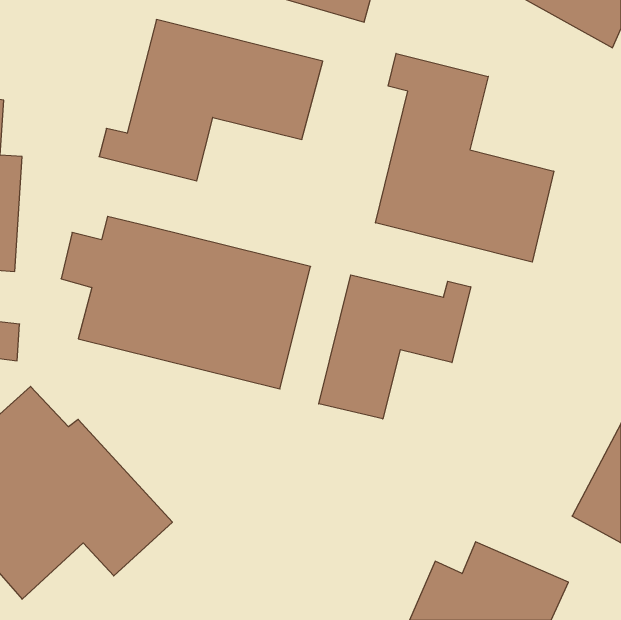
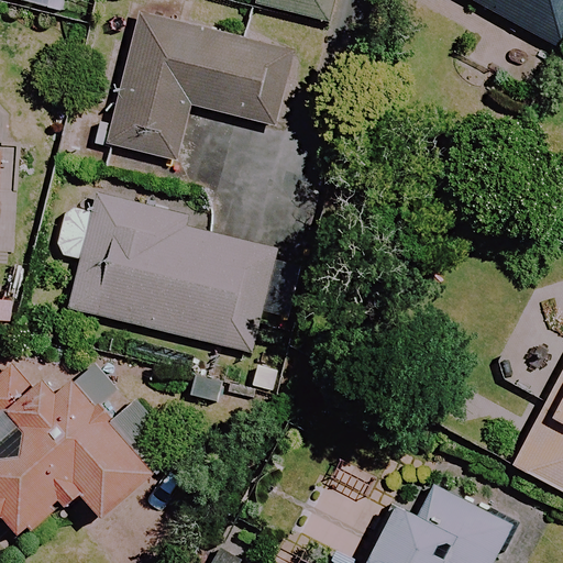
building: [376,53,554,262] -> none
building: [319,275,471,419] -> none

